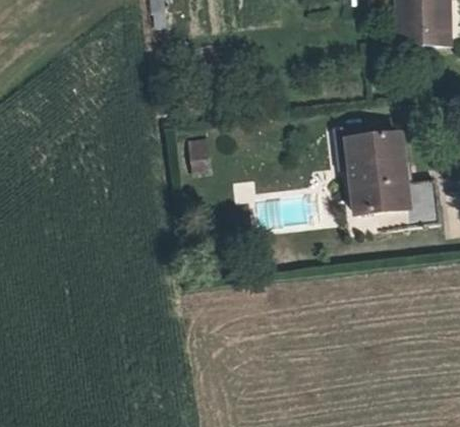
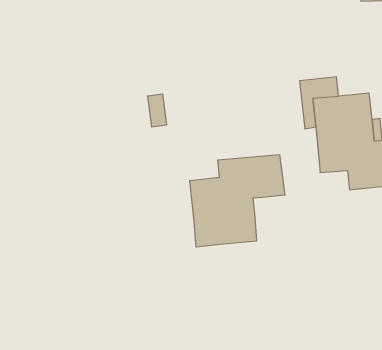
building: none -> [190,155,285,247]

